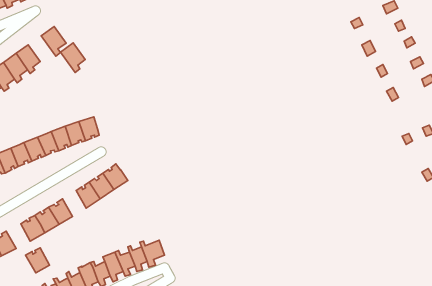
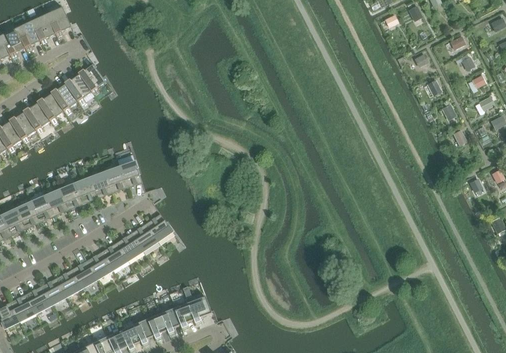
building: [60,43,85,72] -> [64,74,91,106]
building: none -> [101,242,127,270]
building: [26,248,50,273] -> [40,278,66,305]

